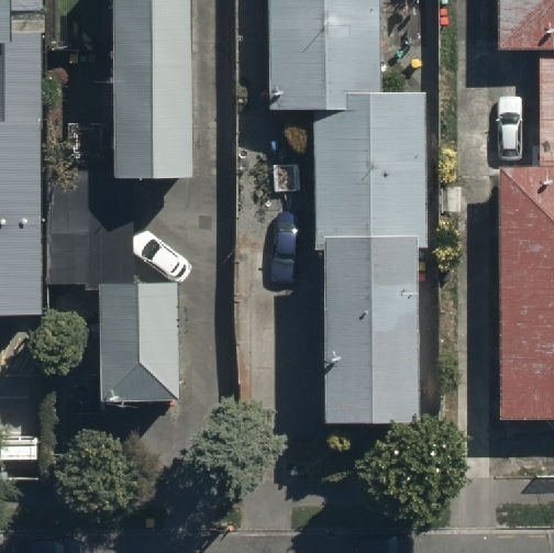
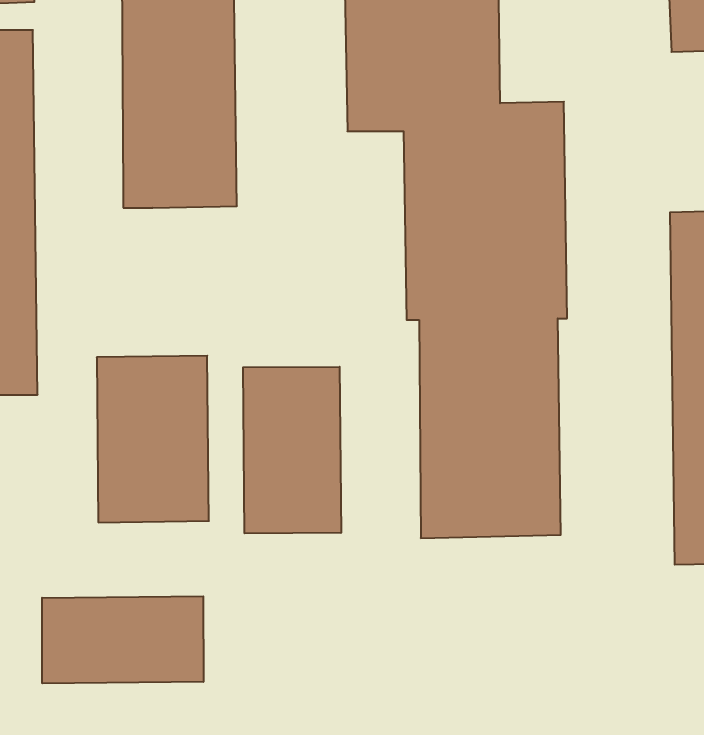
building: none -> [243,367,341,533]
building: none -> [42,596,203,683]

